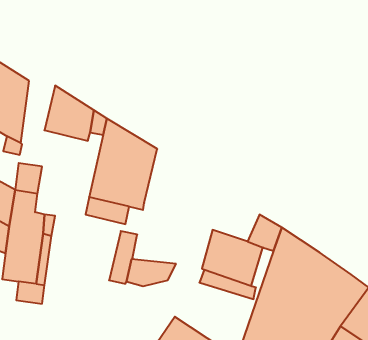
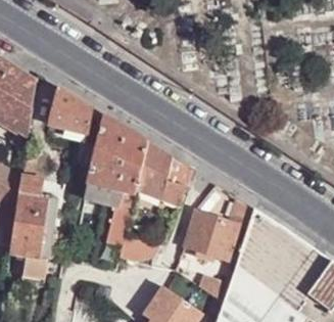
building: none -> [135,141,190,205]

